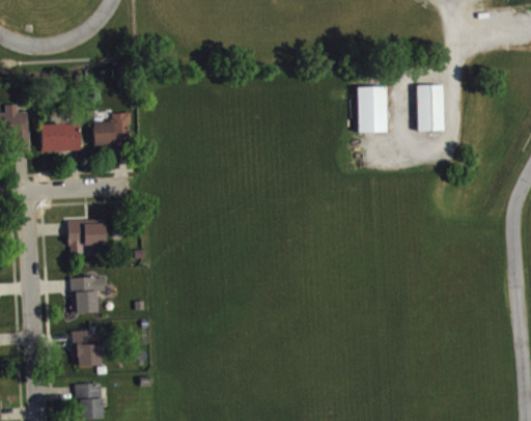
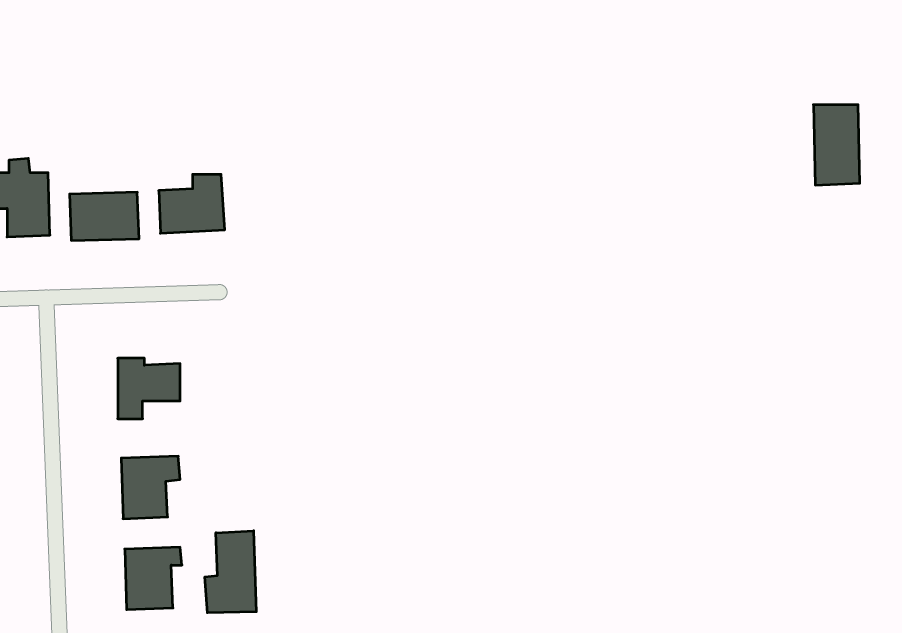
building: [416,84,443,131] -> [813,105,860,185]
building: [357,86,386,132] -> none
building: none -> [205,531,256,613]

